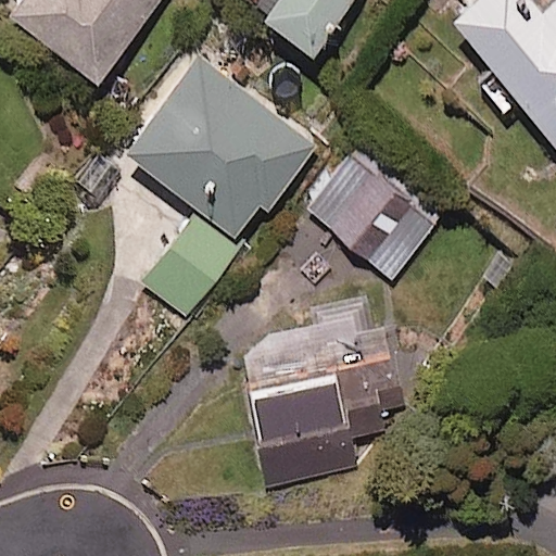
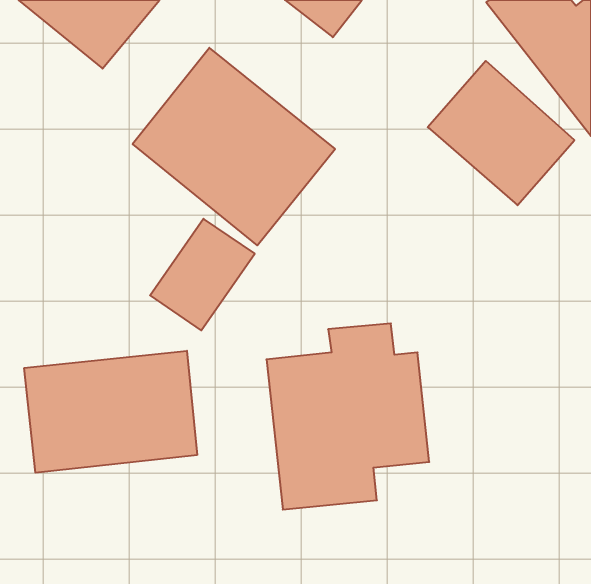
building: [306,147,443,281] -> [428,61,574,205]
building: none -> [24,351,197,473]

